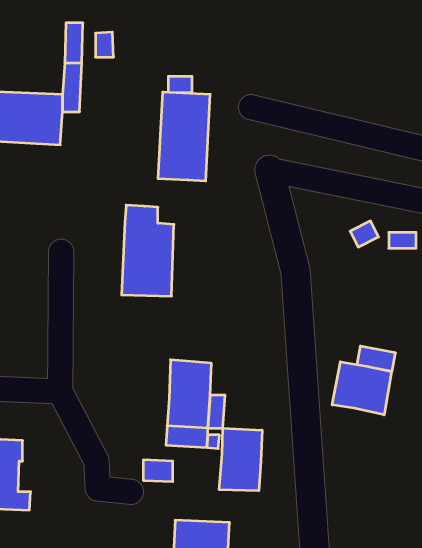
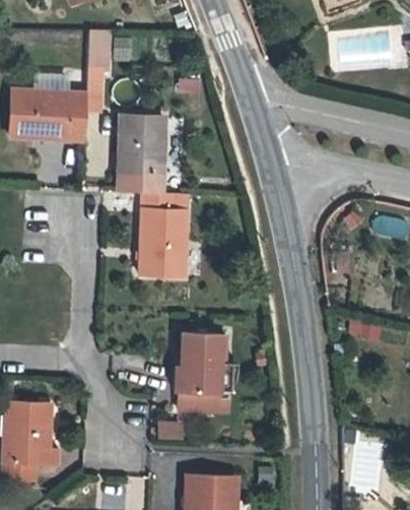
building: [158,92,210,181] -> [116,115,162,194]
building: [332,362,391,415] -> none
building: [219,428,262,491] -> none

